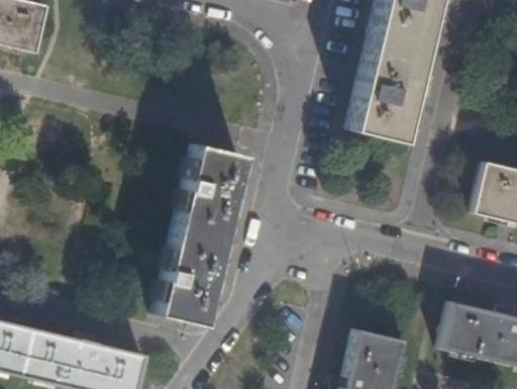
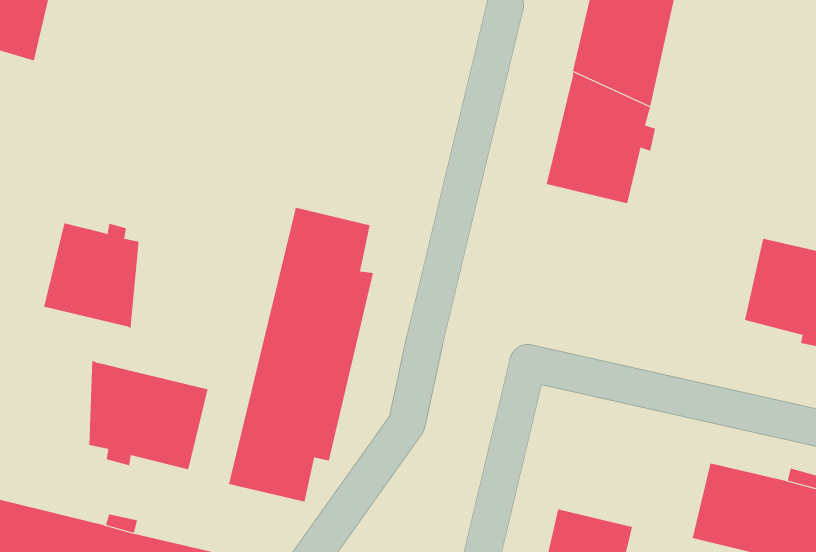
building: none -> [43,223,139,329]
building: none -> [89,360,208,470]

